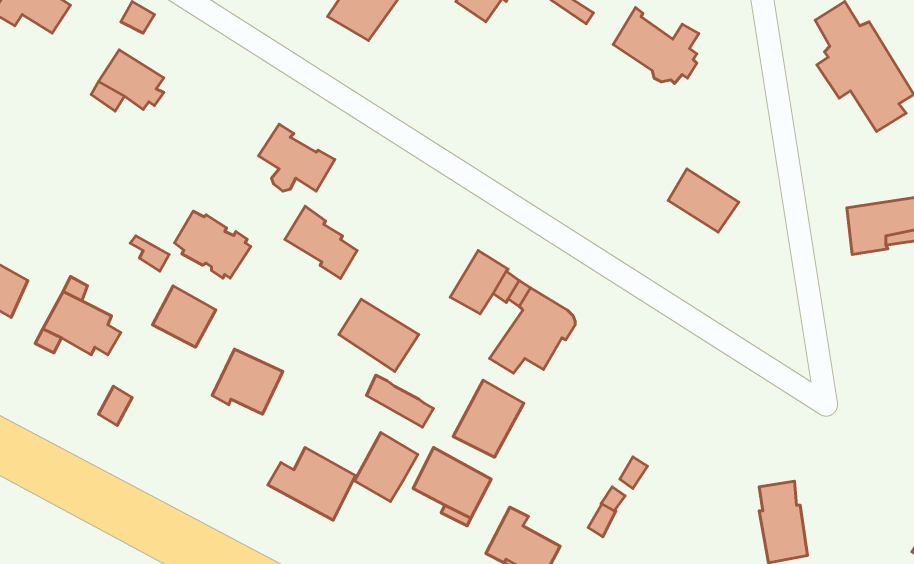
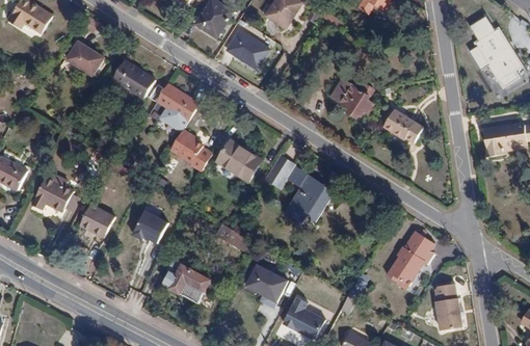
building: [613,7,699,84] -> [327,73,375,115]
building: none -> [227,30,269,69]
building: [174,211,251,278] -> [113,60,156,98]
building: [153,286,216,347] -> [79,204,114,238]
building: [339,299,419,372] -> [217,140,262,181]
building: [453,380,524,457] -> none
building: none -> [388,239,428,285]
building: [354,432,418,501] -> none

